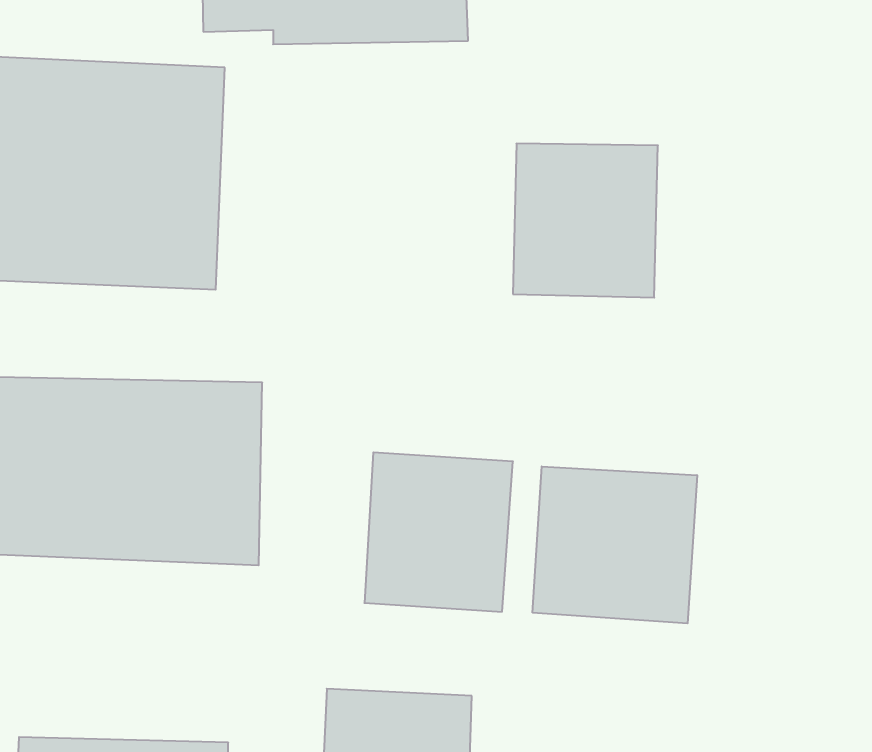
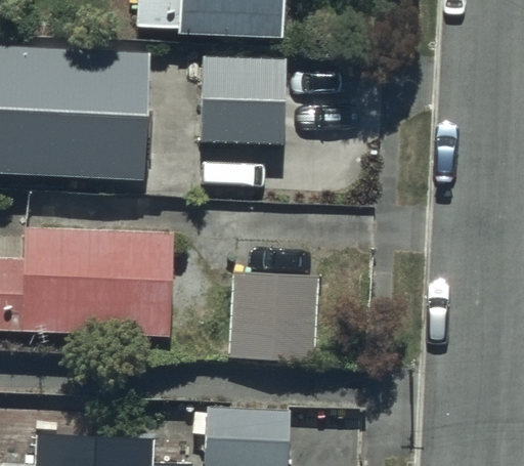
building: [513,144,658,298] -> [200,59,282,147]
building: [533,466,697,623] -> none

